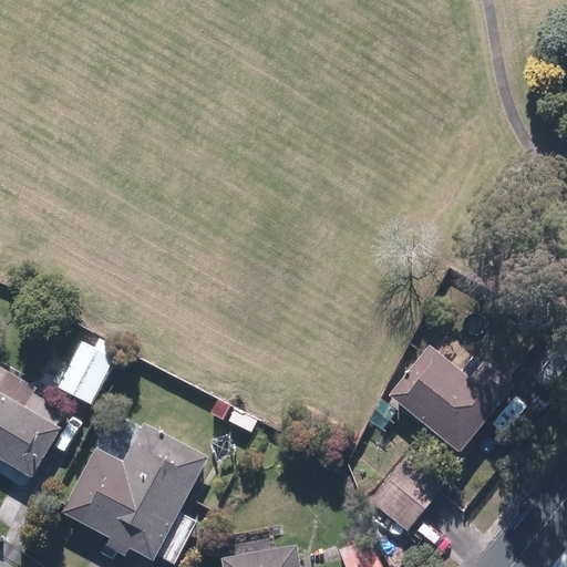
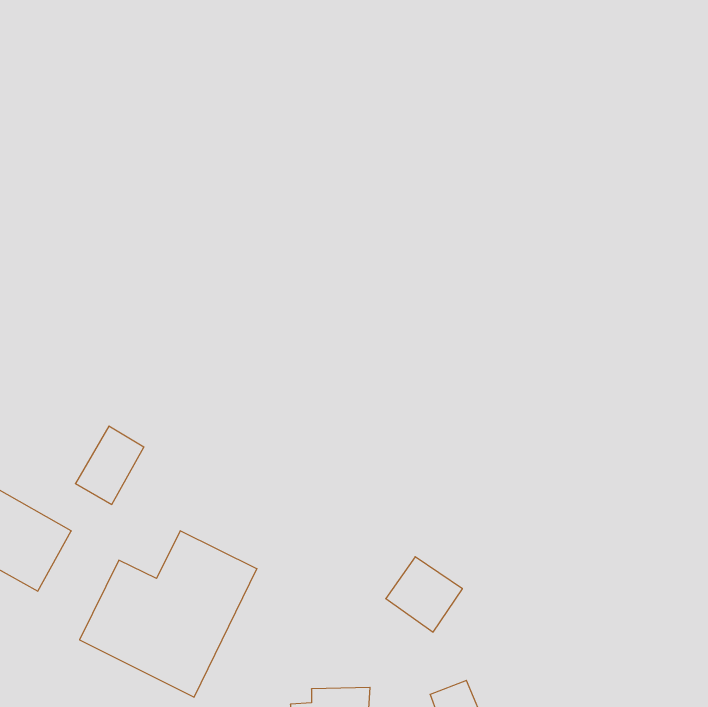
building: [393,350,505,449] -> none
building: [374,472,435,532] -> [386,557,462,632]

